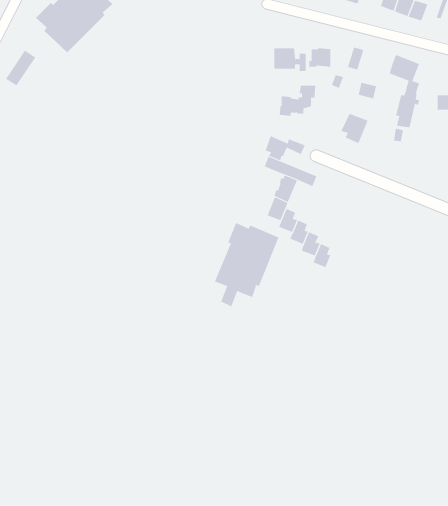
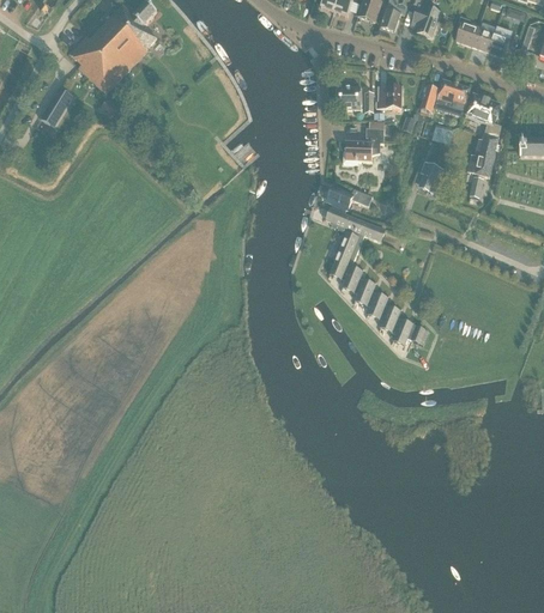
building: none -> [436,79,471,110]
building: [214,222,279,307] -> none
building: none -> [393,318,429,346]

